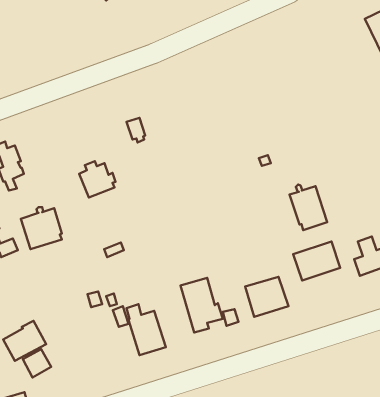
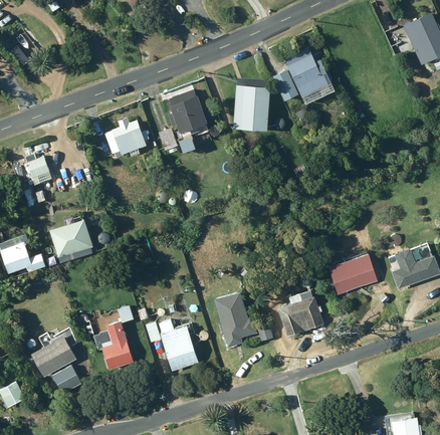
building: none -> [273,47,329,100]
building: none -> [233,85,270,132]
building: none -> [169,90,208,135]
building: [79,161,115,197] -> [112,118,149,155]
building: [290,185,327,230] -> none
building: none -> [93,321,134,370]

